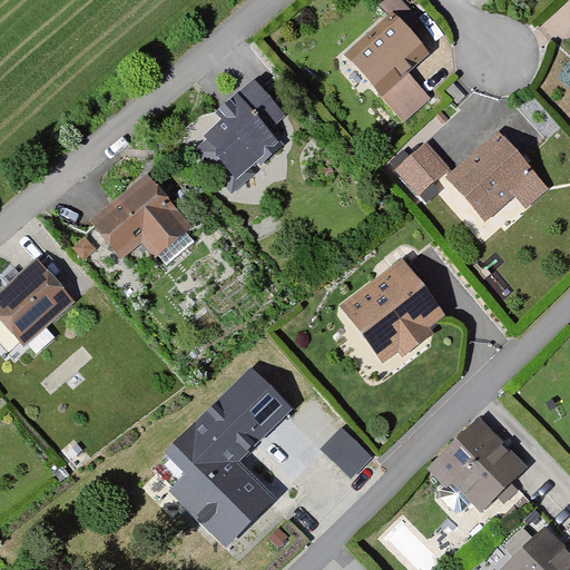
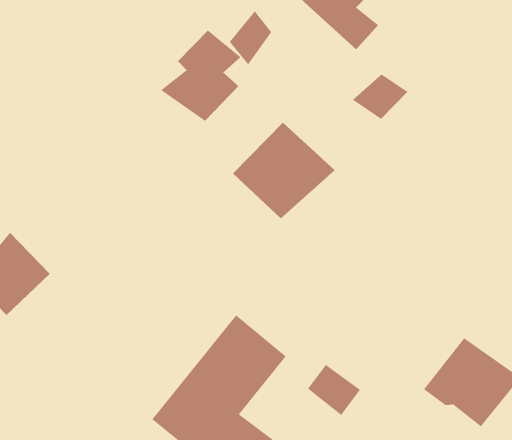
building: none -> [229,11,272,65]
building: [451,132,544,218] -> none
building: [94,175,194,259] -> none
building: [341,262,444,358] -> [232,122,335,219]

